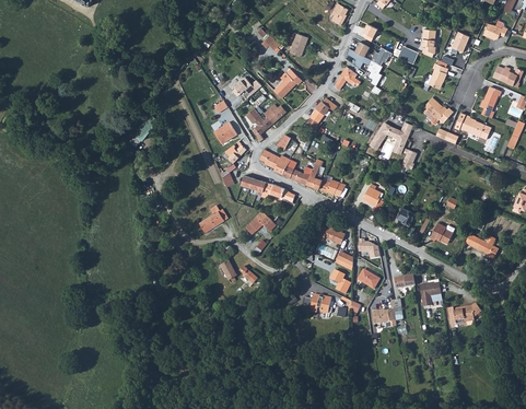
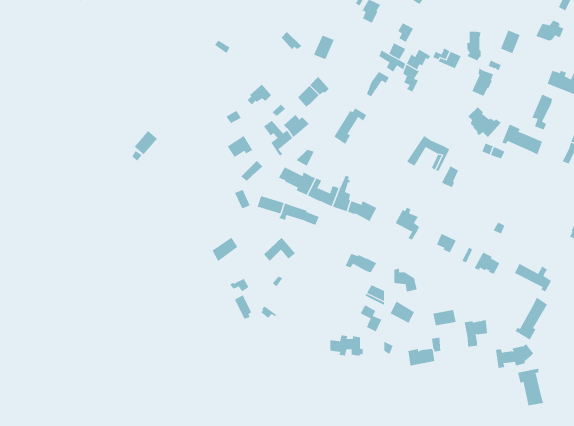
building: none -> [514,297,548,341]
building: none -> [517,368,544,406]

